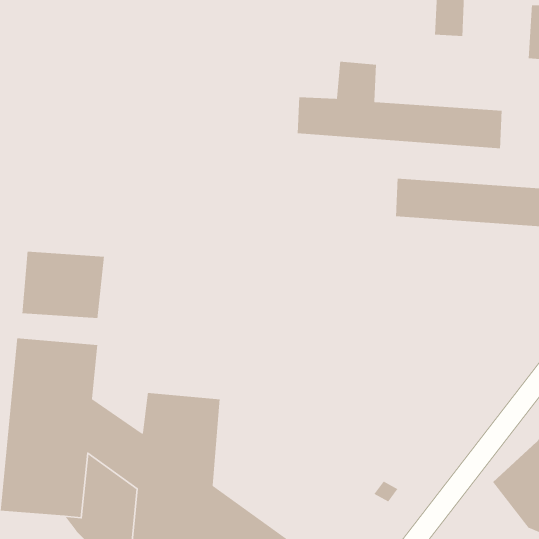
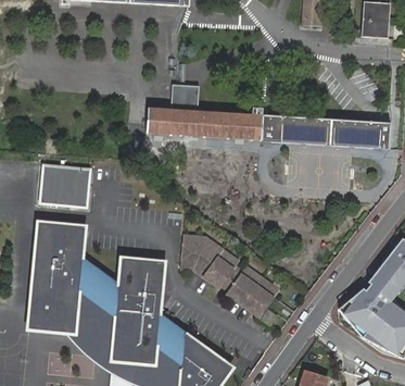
building: [297,61,502,149] -> [147,86,278,142]
building: none -> [180,237,280,319]

